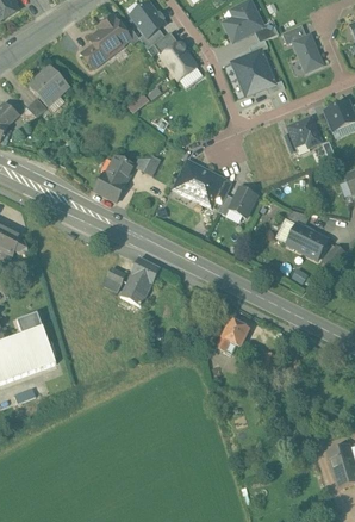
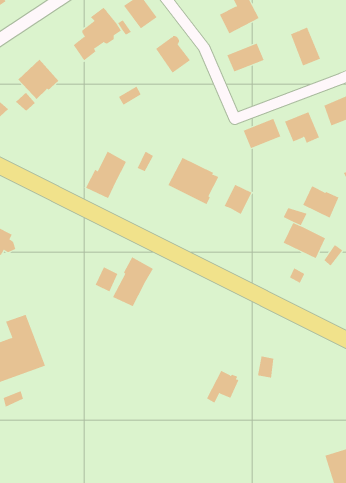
building: [237,66,274,95] -> [243,118,281,149]
building: none -> [302,185,339,219]
building: [216,318,248,350] -> [206,370,239,403]

